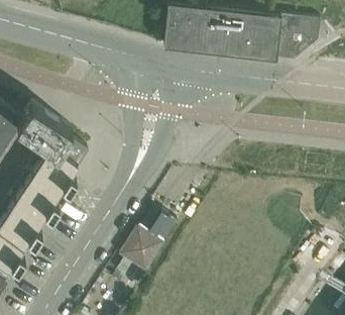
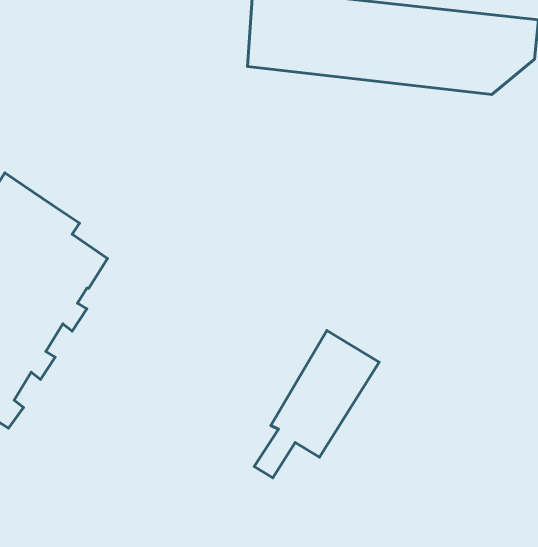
building: [109,207,177,287] -> [254,331,379,478]

